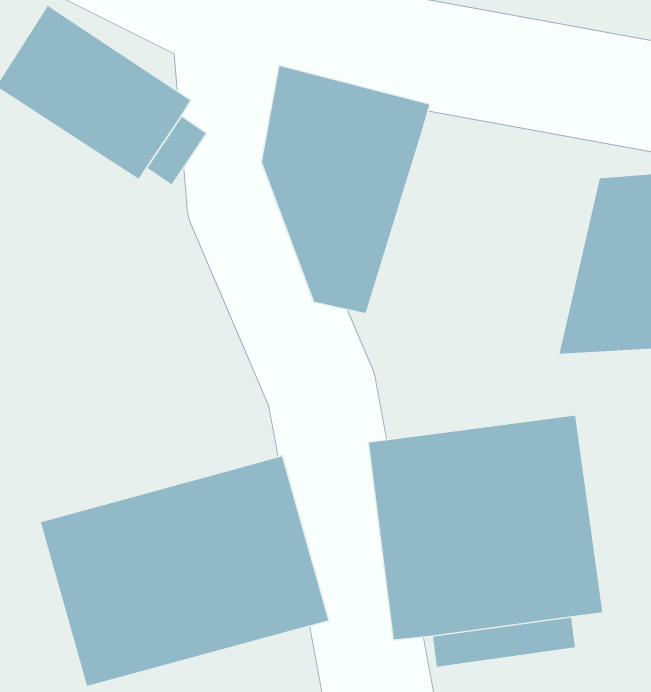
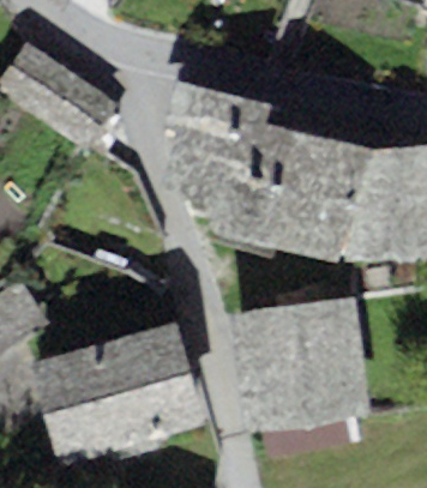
building: none -> [229,120,373,258]

